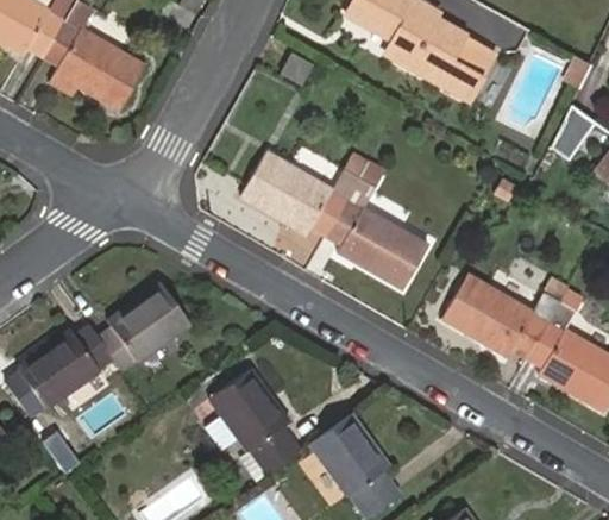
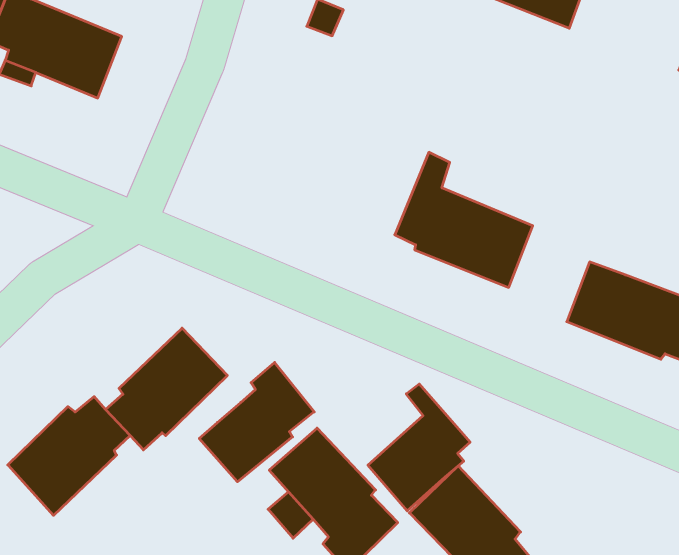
building: [243,151,365,237] -> none
building: none -> [199,362,314,482]
building: none -> [368,384,470,511]

